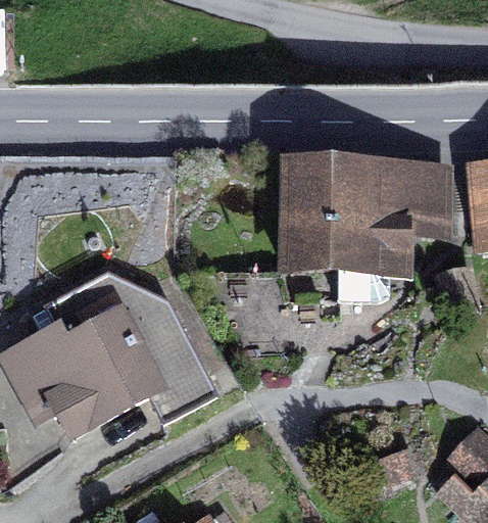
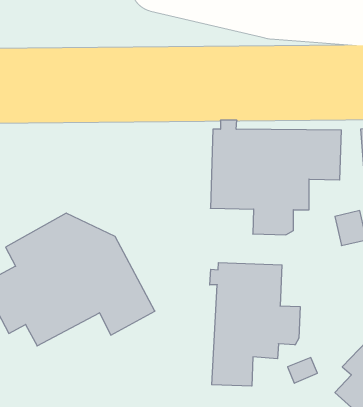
building: none -> [210,263,300,386]

